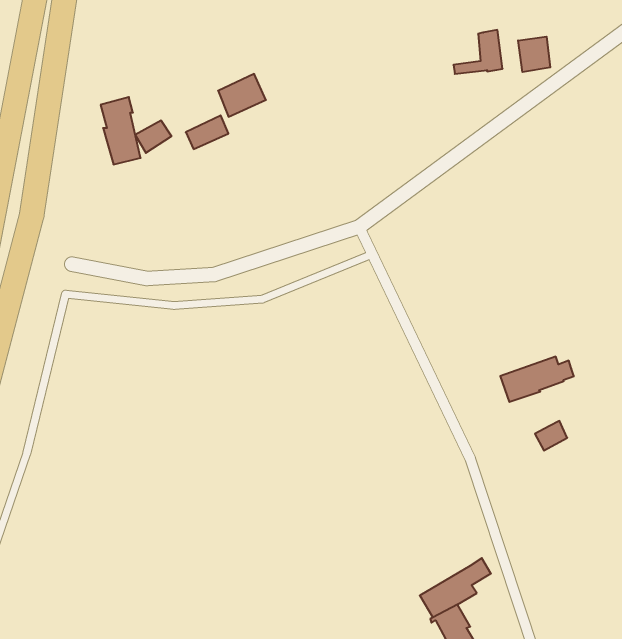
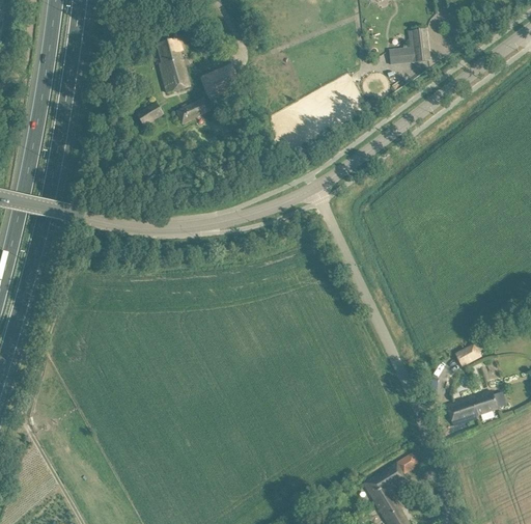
building: [518,37,550,72] -> none
building: [101,97,141,164] -> [156,38,188,92]
building: [500,357,574,402] -> [446,389,505,425]

